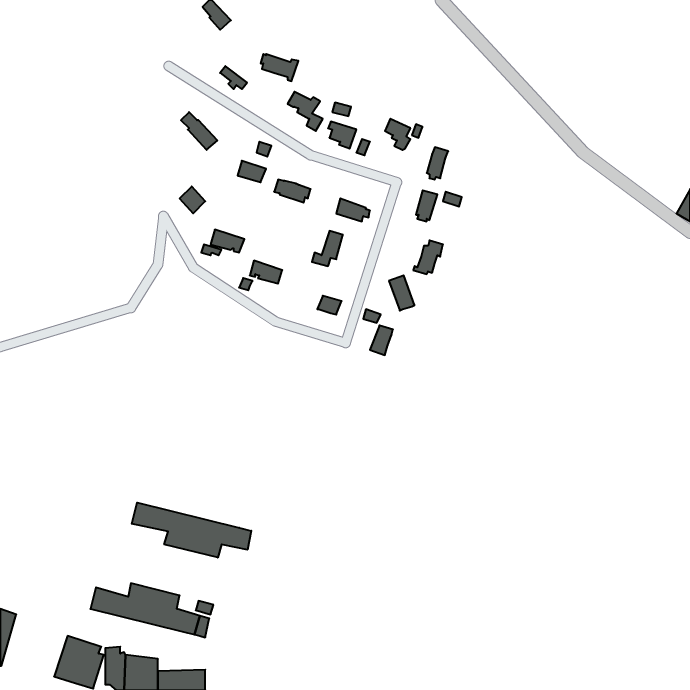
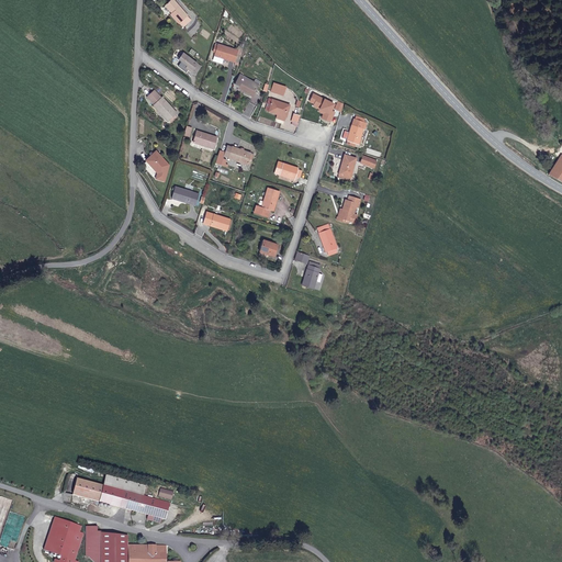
building: [132,503,251,558] -> none

